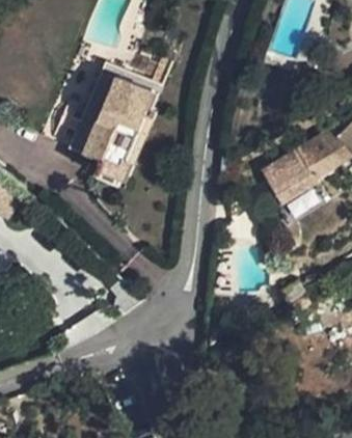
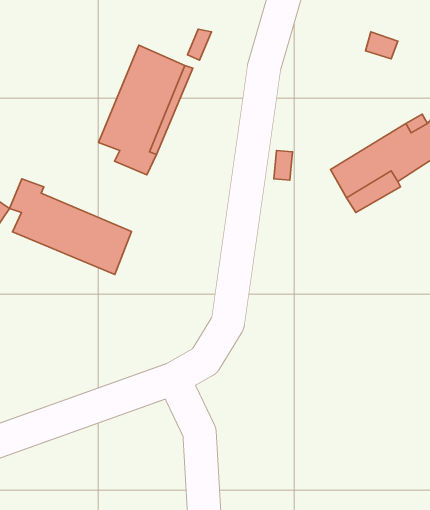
building: none -> [9,179,132,275]

